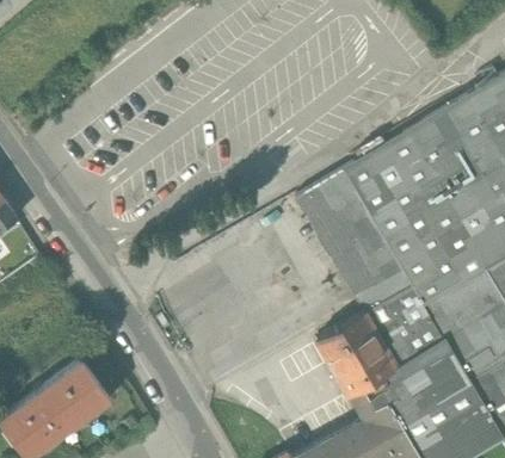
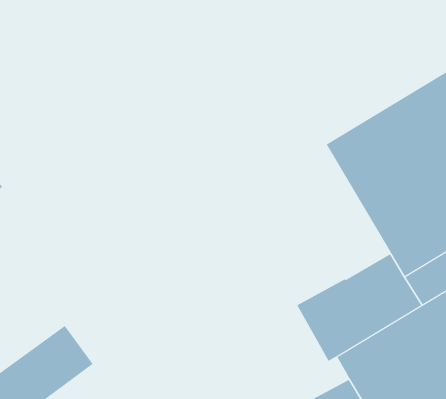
building: [301,177,411,314] -> none

